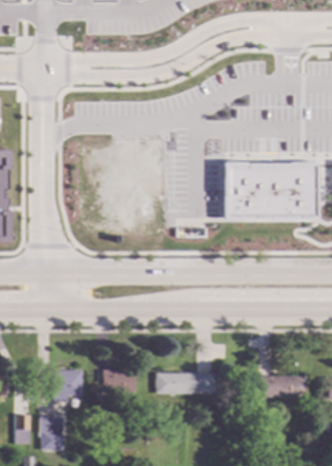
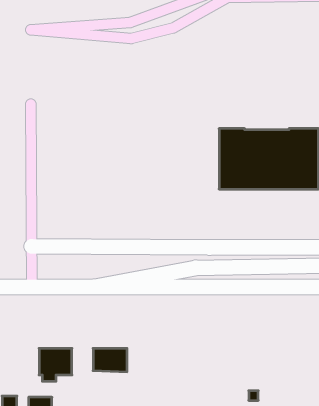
building: [157,372,216,393] -> none
building: [258,375,308,396] -> none

